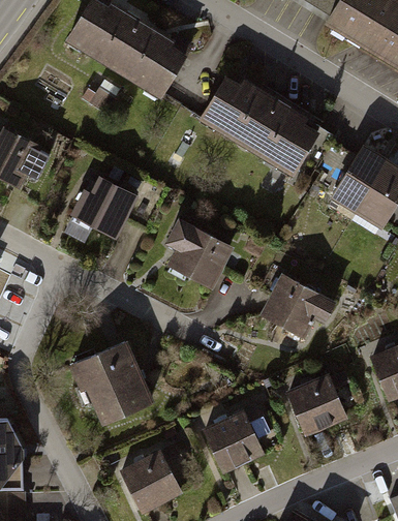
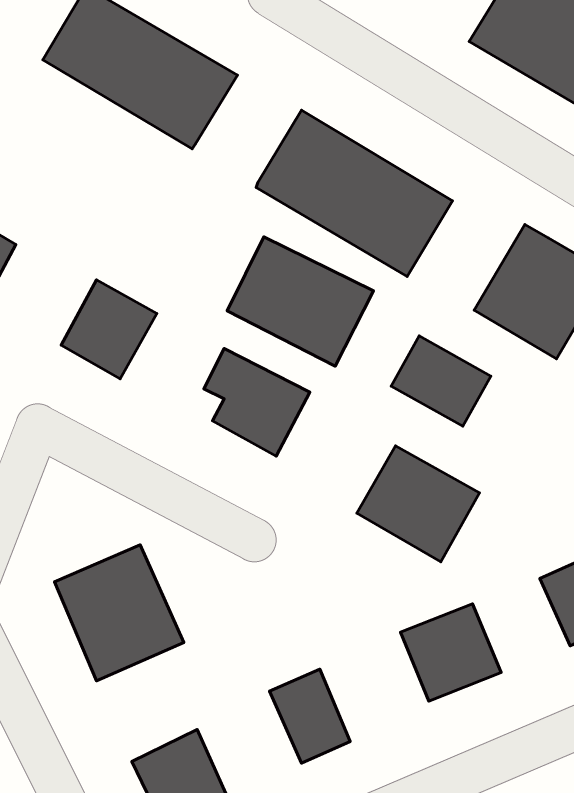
building: none -> [227,237,374,366]
building: none -> [391,336,491,426]

